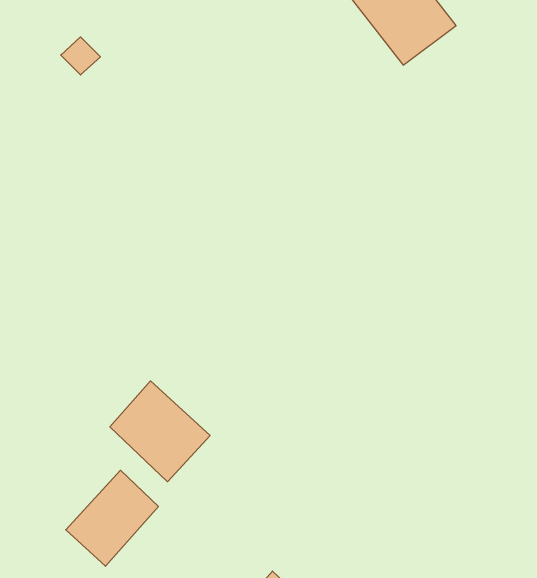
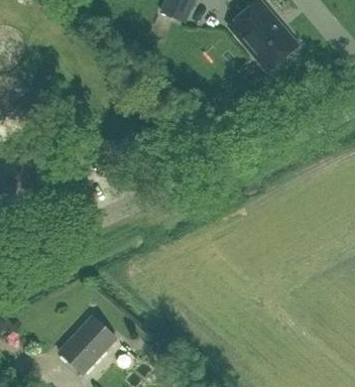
building: [110,381,210,482] -> none

